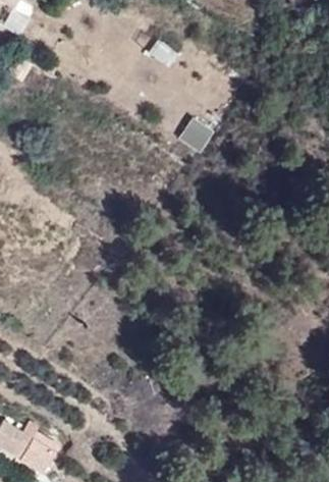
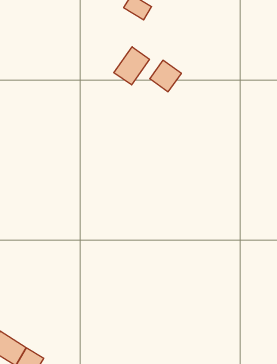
building: none -> [114,47,149,85]

